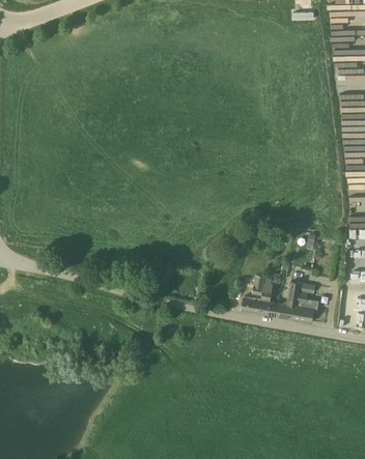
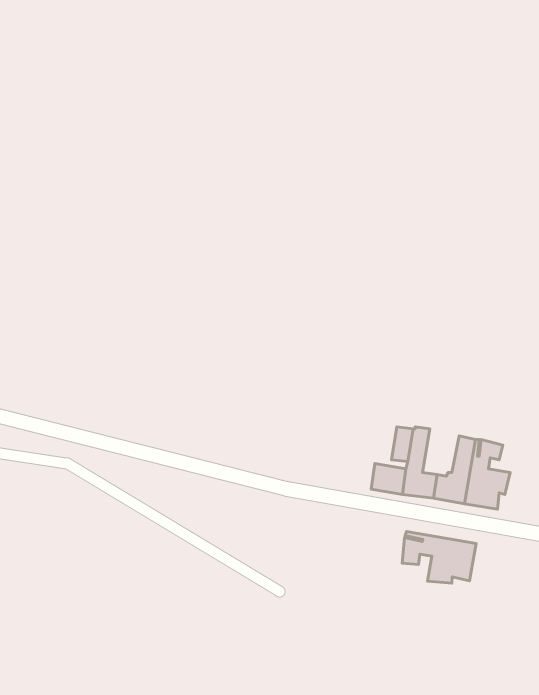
building: none -> [402,532,476,583]

